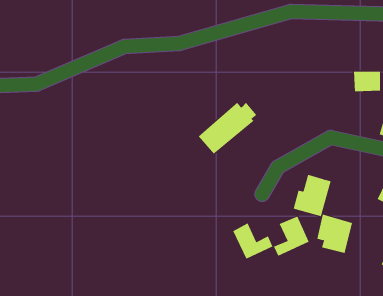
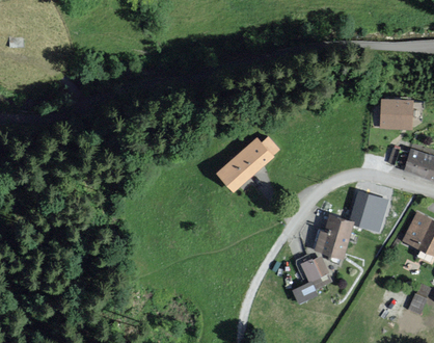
building: [316,214,353,254] -> [348,192,386,234]
building: [232,222,273,259] -> none

